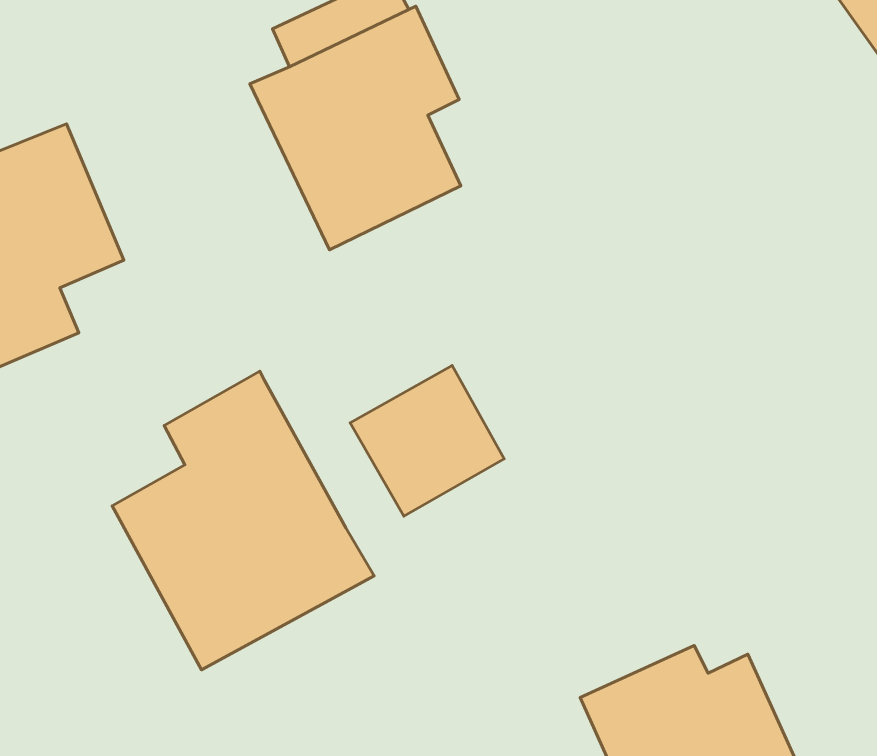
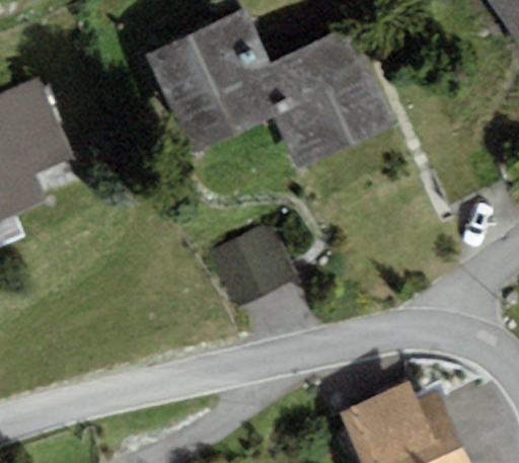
building: none -> [251,29,390,168]
building: [112,371,374,670] -> none

